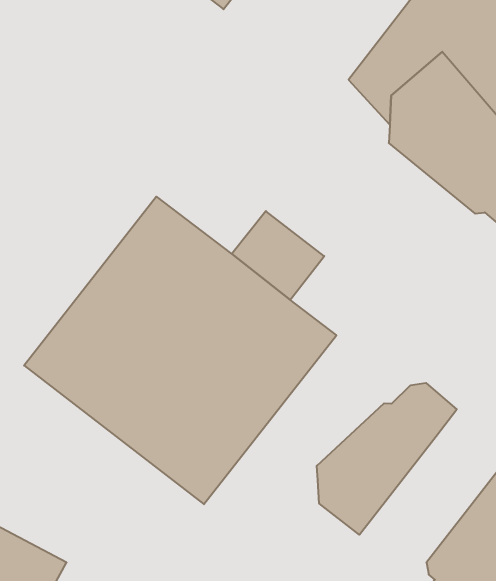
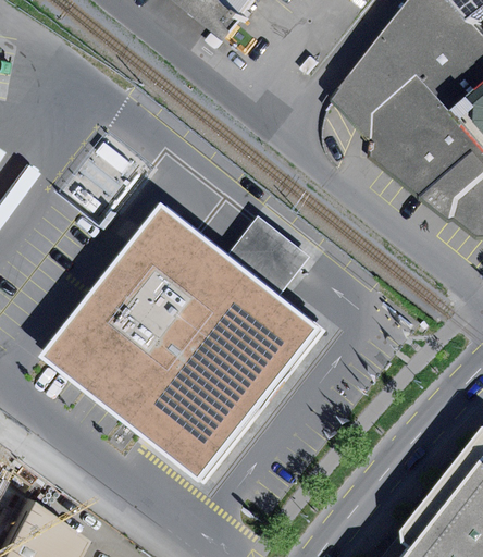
building: [317,383,457,535] -> none

